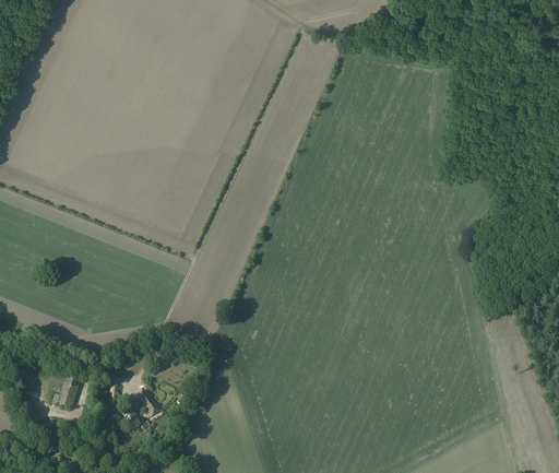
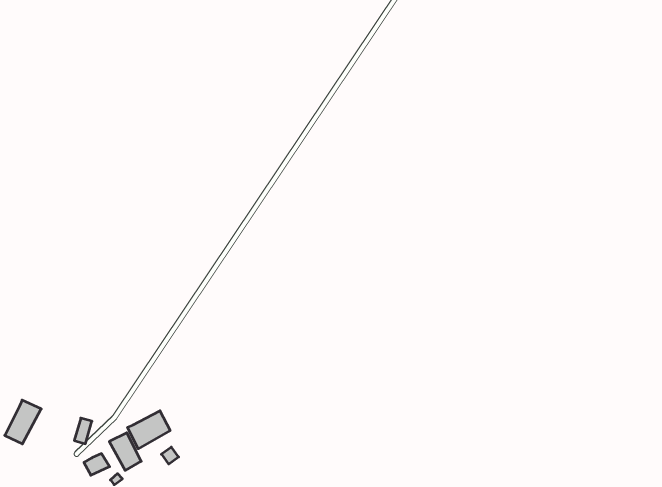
building: none -> [128,411,170,449]

